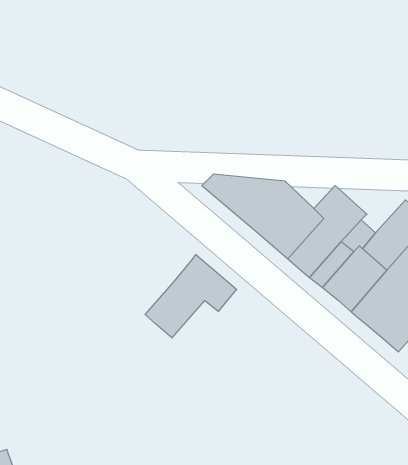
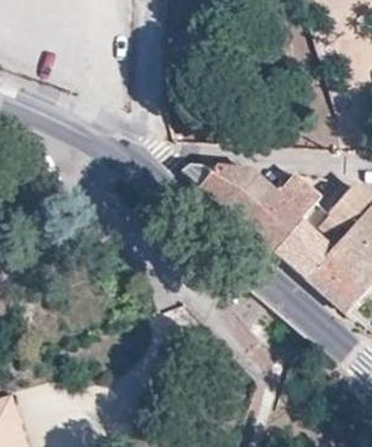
building: [145,255,237,338] -> none

